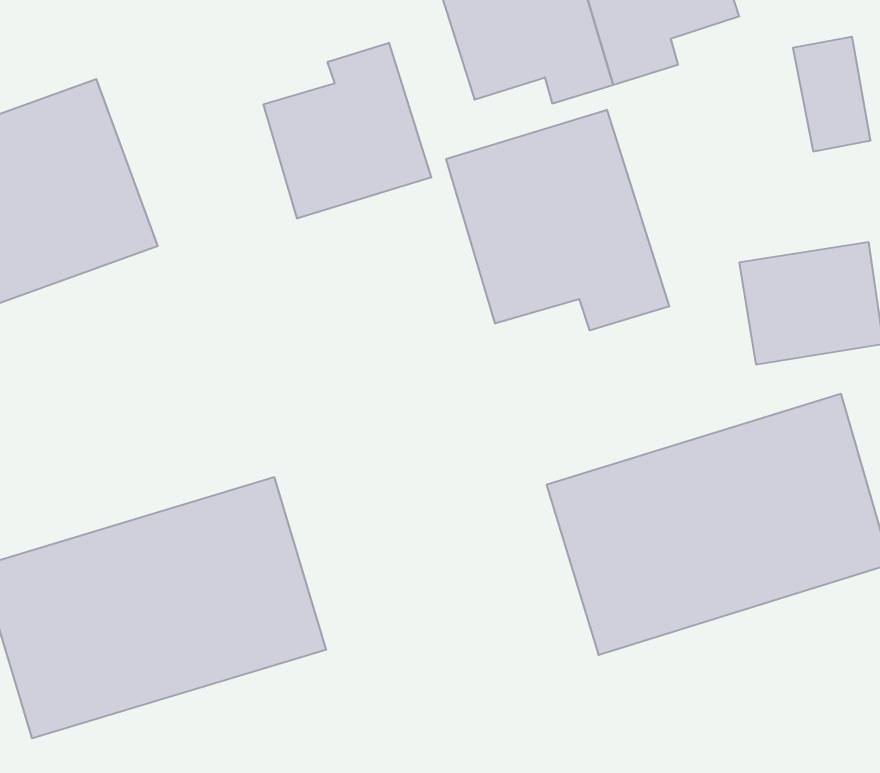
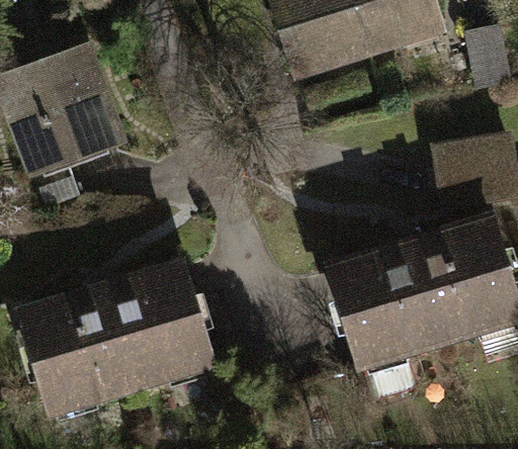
building: [264,43,431,219] -> none
building: [446,110,669,330] -> none

